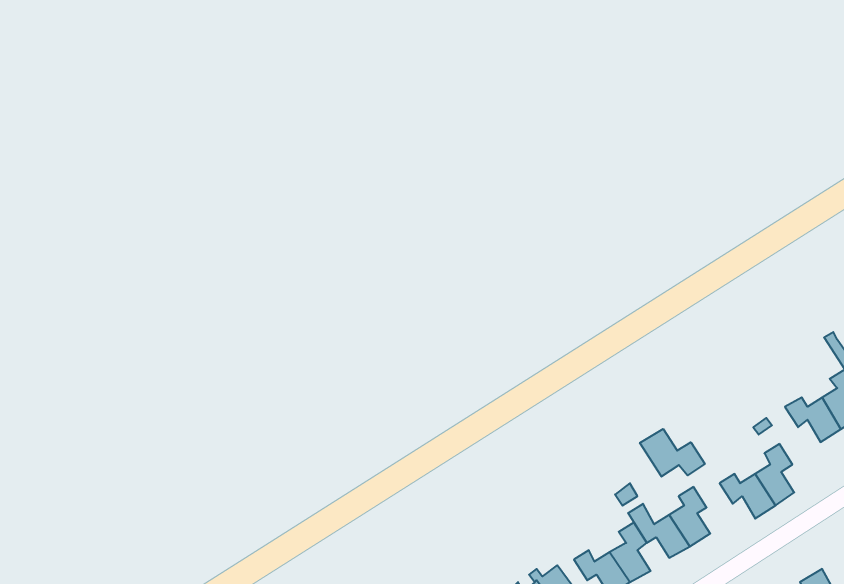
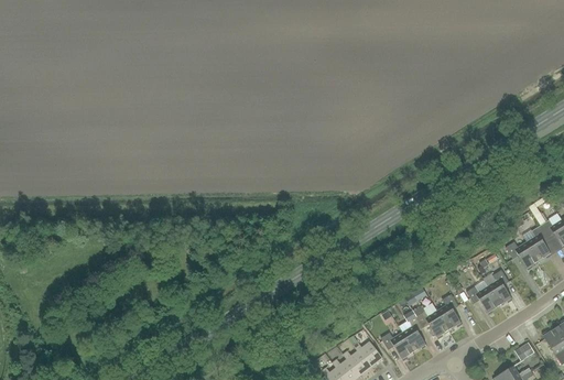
building: [640,429,705,477] -> none

